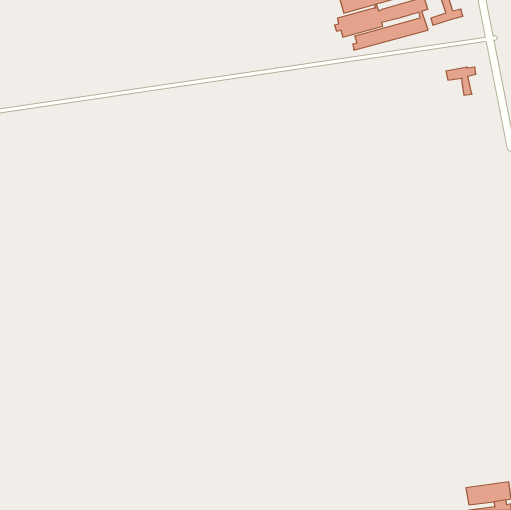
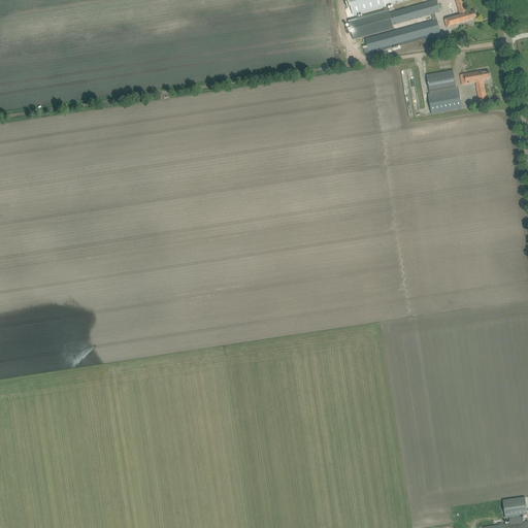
building: none -> [426,68,461,112]

